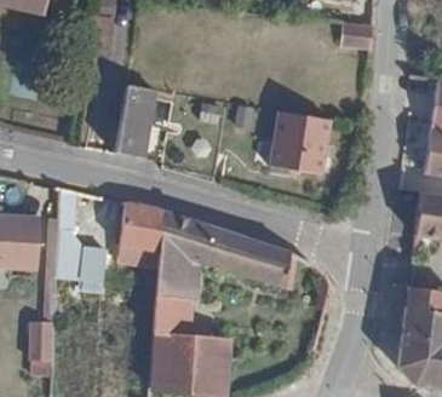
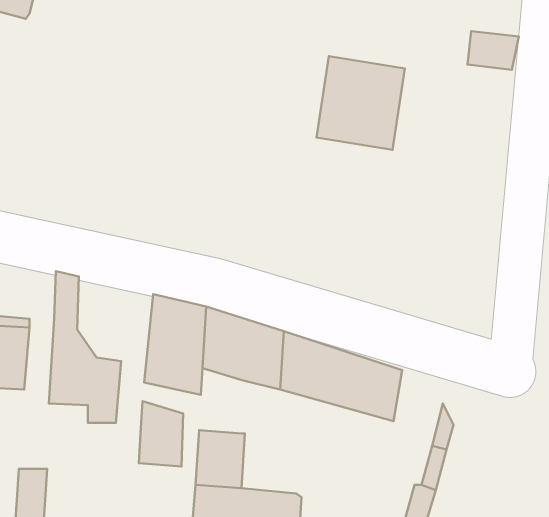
building: [114,86,151,165] -> none
building: [268,111,328,176] -> [317,56,405,150]
building: [157,254,188,299] -> [139,401,183,467]

